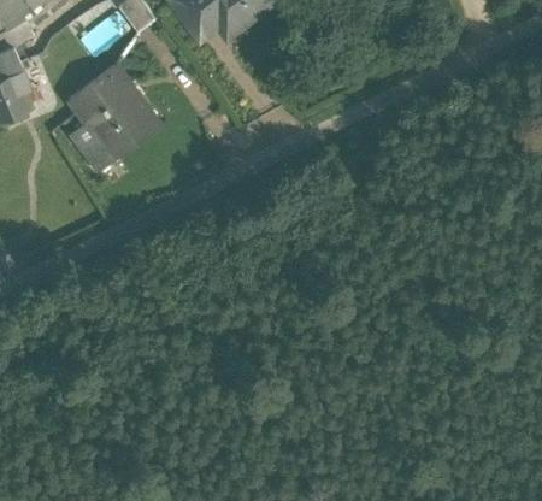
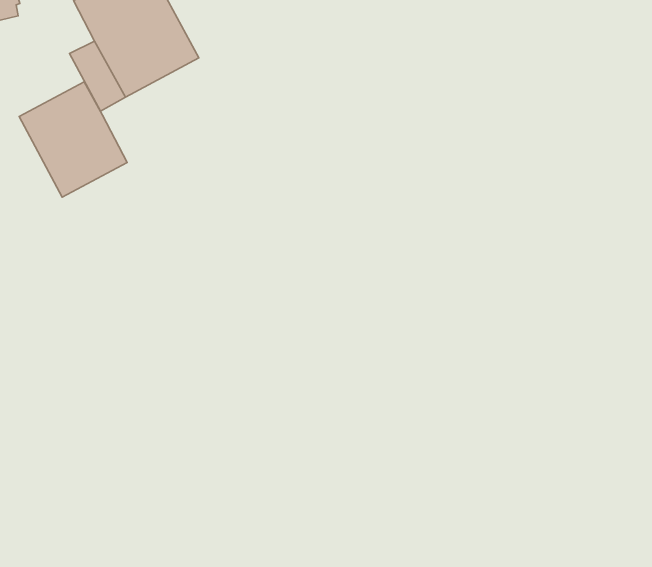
building: none -> [19,82,127,197]

